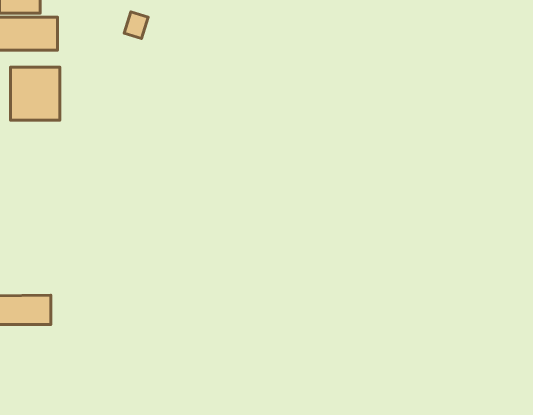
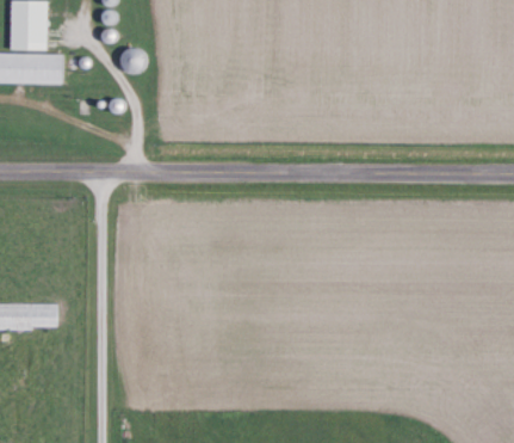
building: [10,67,60,120] -> none

